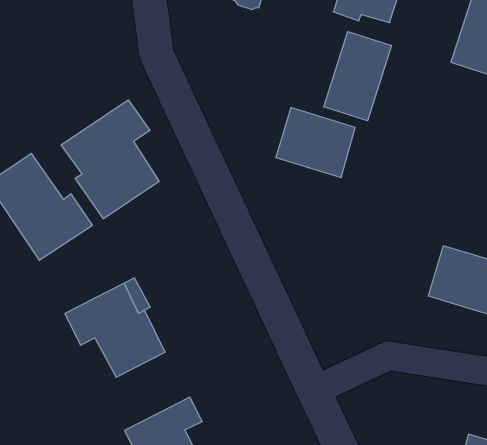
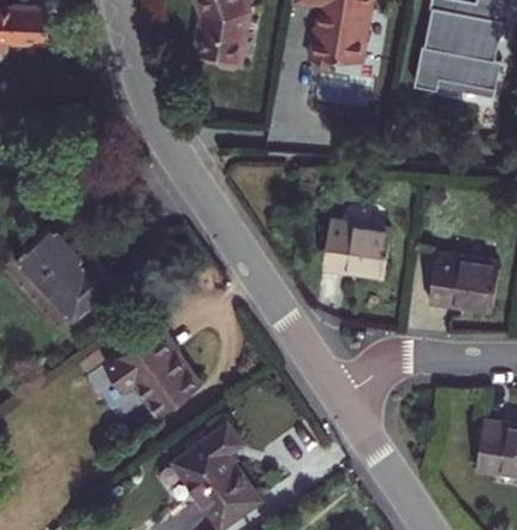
building: [324,32,391,121] -> none
building: [61,100,159,219] -> none
building: [276,108,355,178] -> [321,222,388,279]

